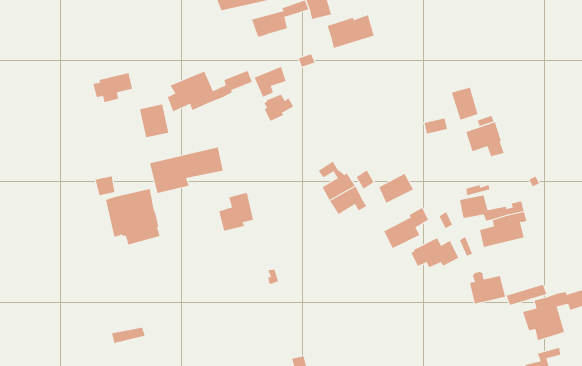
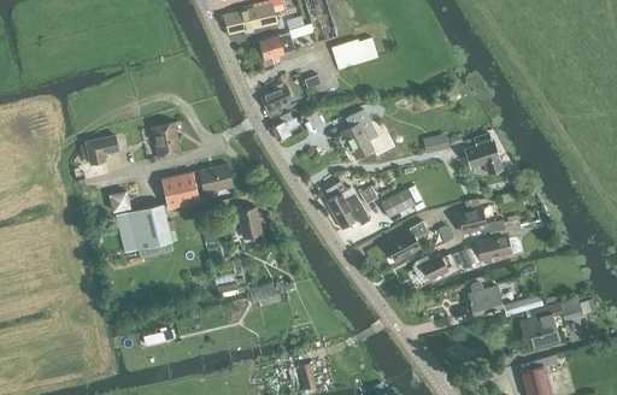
building: [167,70,252,112] -> none
building: [92,72,133,103] -> [78,135,117,164]
building: [451,87,478,121] -> none
building: none -> [339,108,376,159]

